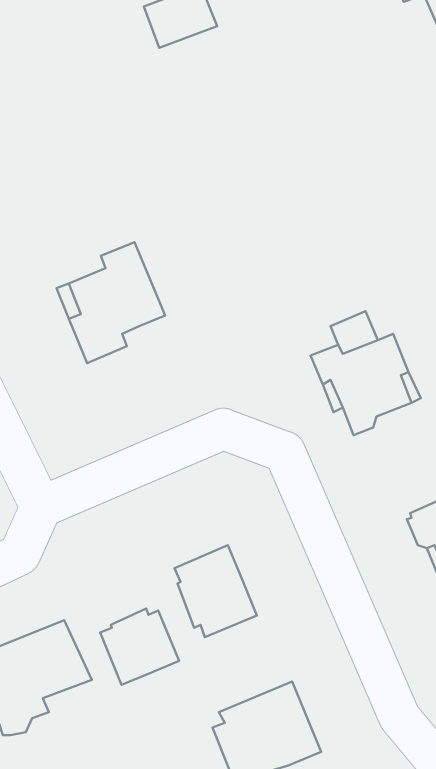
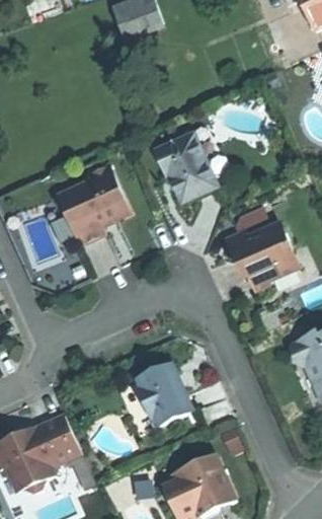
building: none -> [156,134,217,202]
building: [100,609,179,685] -> none

